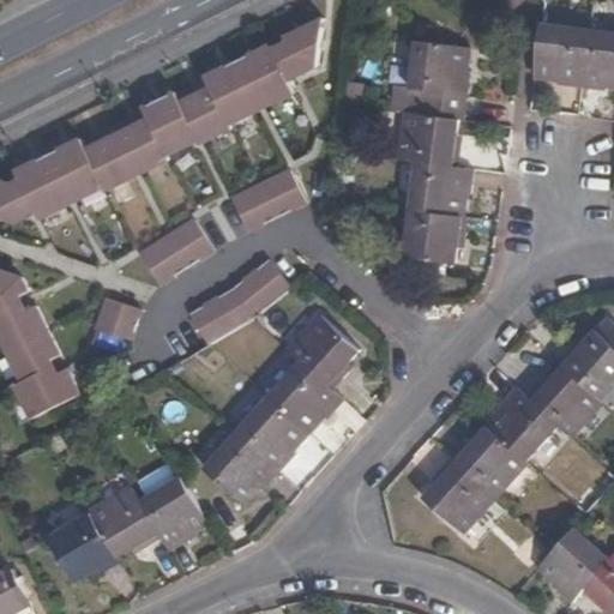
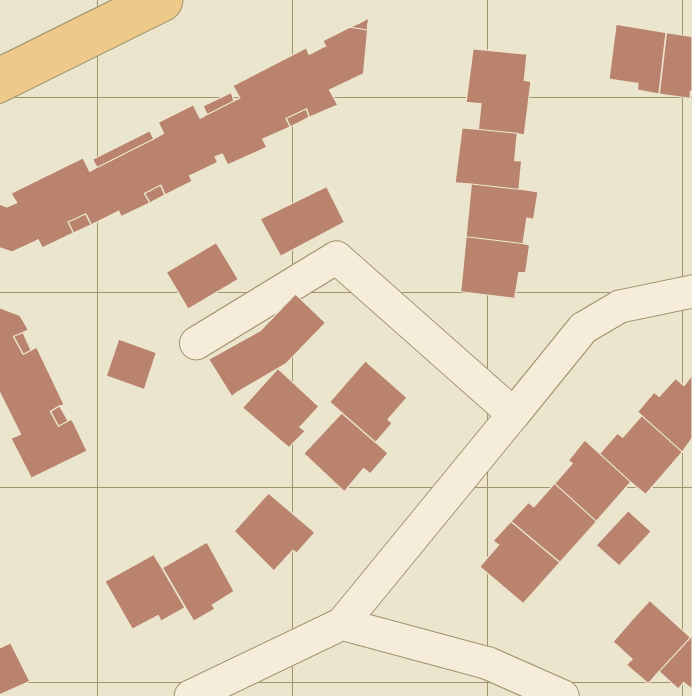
building: [236,399,303,469] -> [242,368,319,447]
building: none -> [596,511,651,566]
building: [50,512,120,579] -> none

